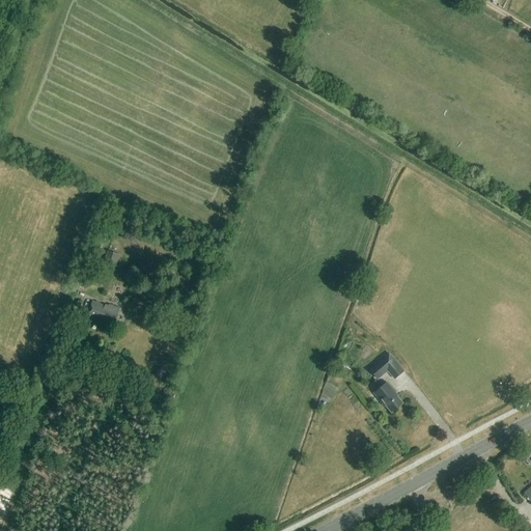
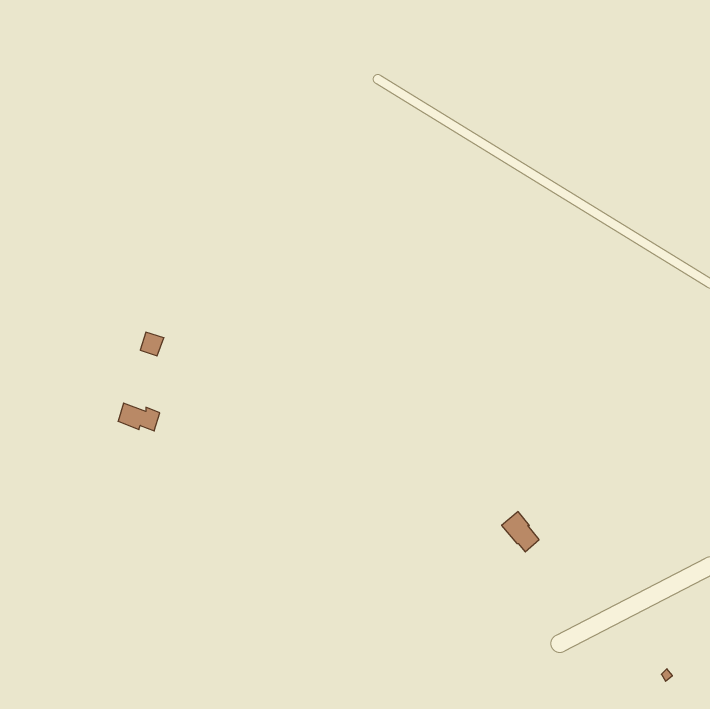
building: [371,354,404,379] -> none

